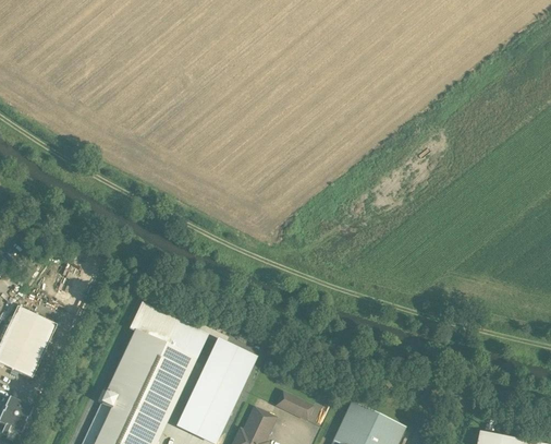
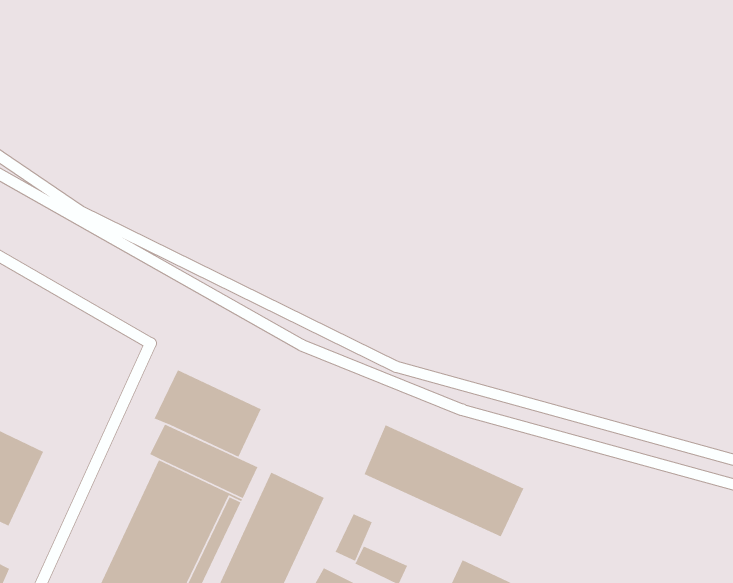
building: none -> [153,369,262,458]
building: none -> [363,424,524,537]
building: none -> [335,513,373,562]

